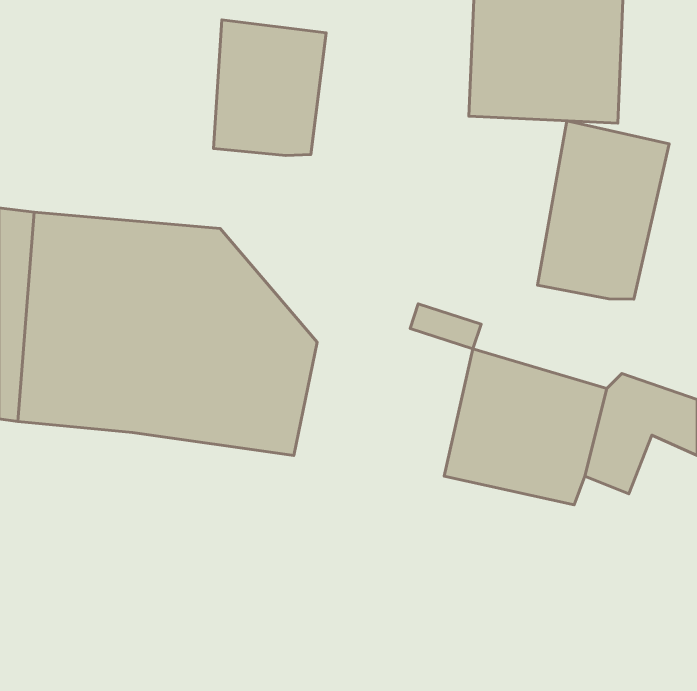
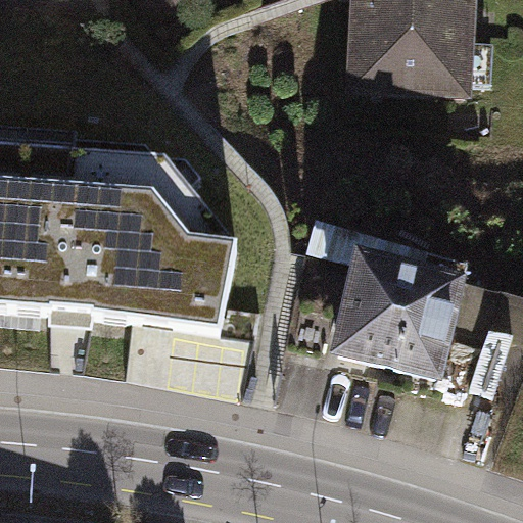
building: [214,20,326,156] -> none
building: [537,121,669,299] -> none

